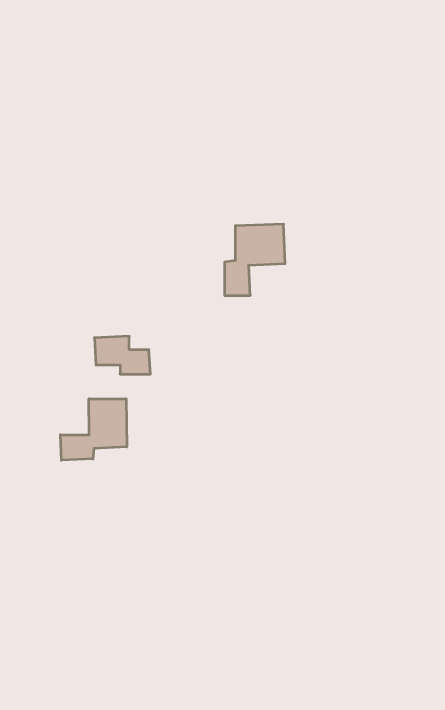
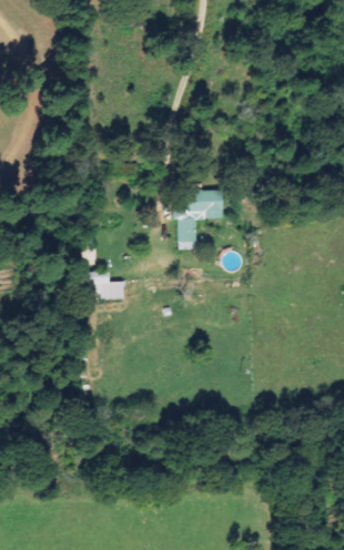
building: [60,399,127,460] -> none

